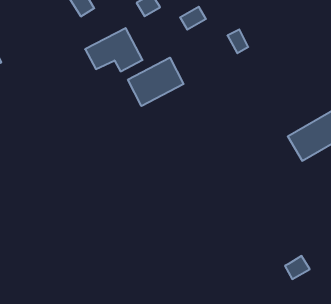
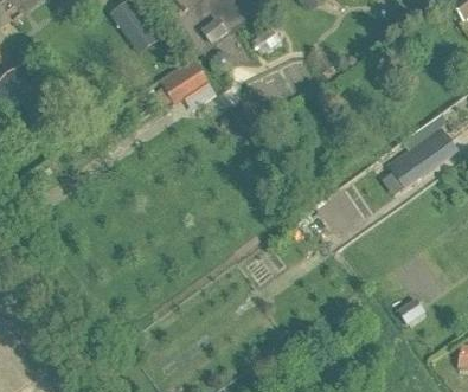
building: [128,58,184,106] -> none

